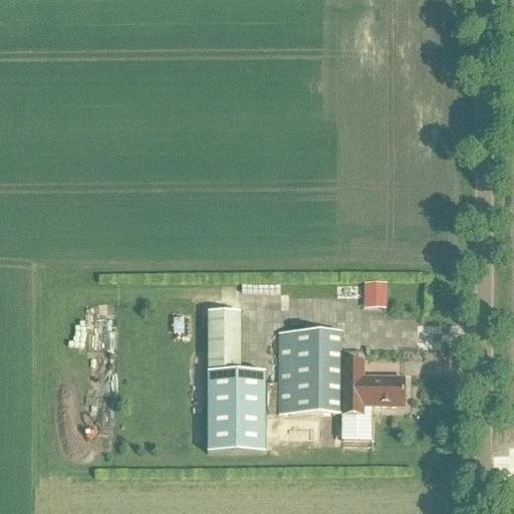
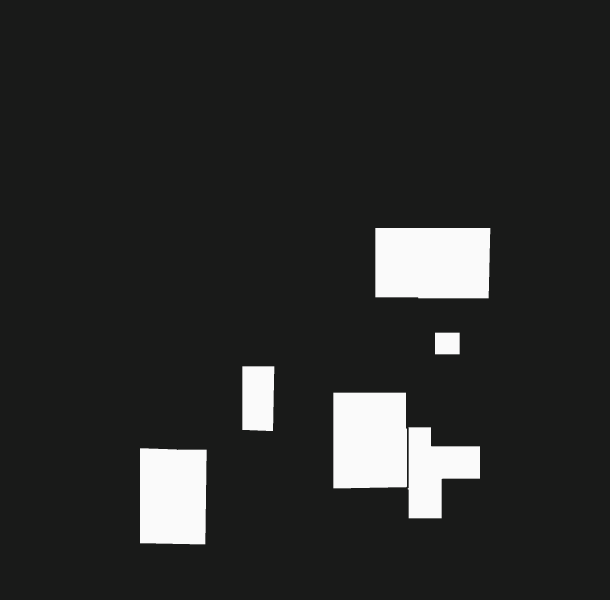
building: none -> [375,227,491,299]
building: [209,367,266,449] -> [139,448,207,545]

